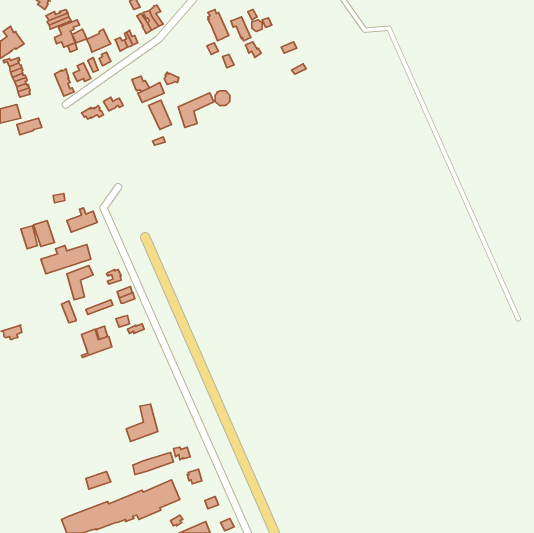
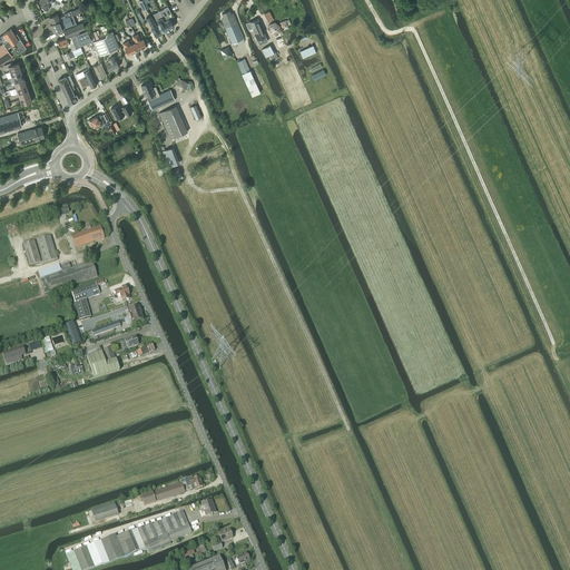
building: [178,93,214,128] -> none
building: [126,404,158,441] -> none

